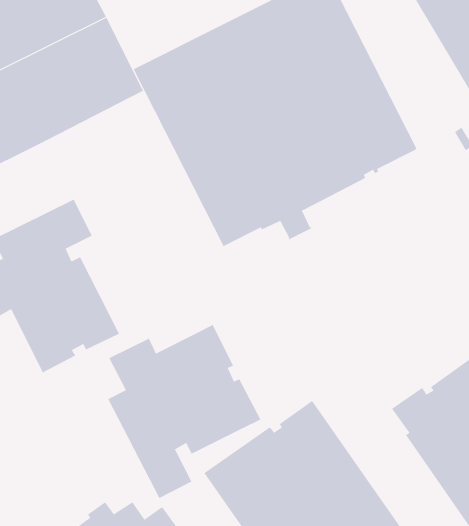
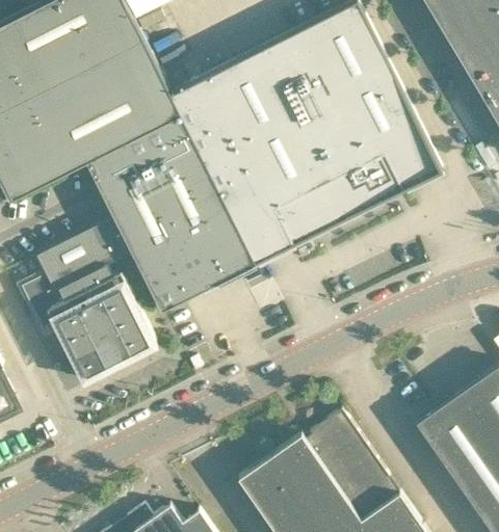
building: none -> [86,113,257,310]
building: [108,324,261,499] -> none

